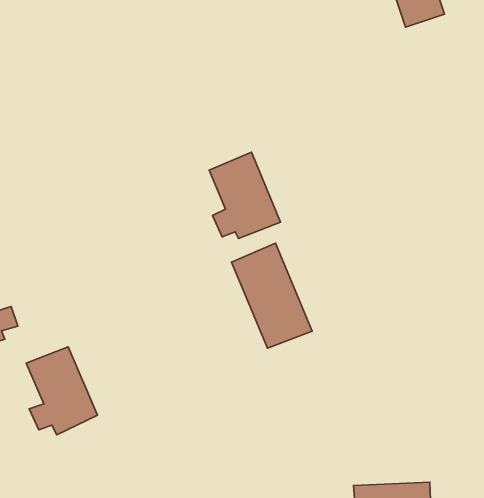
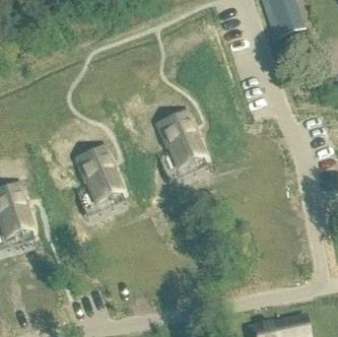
building: [232,243,312,348] -> none
building: [26,347,97,435] -> [77,150,122,205]

